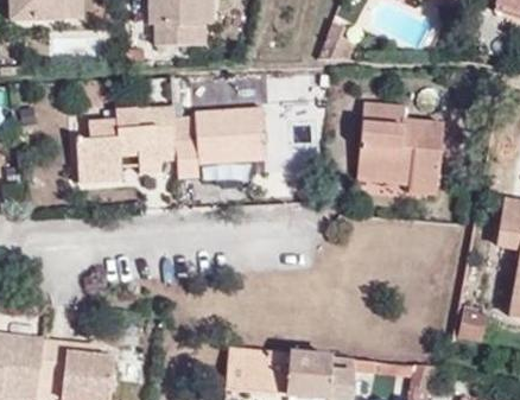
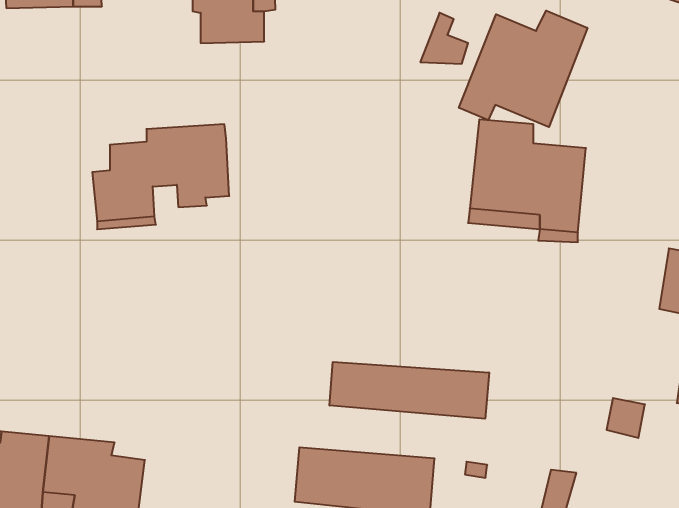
building: none -> [459,11,587,127]
building: [175,107,267,178] -> none
building: none -> [330,362,489,419]

